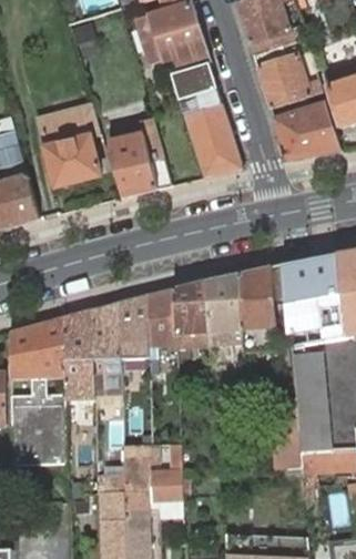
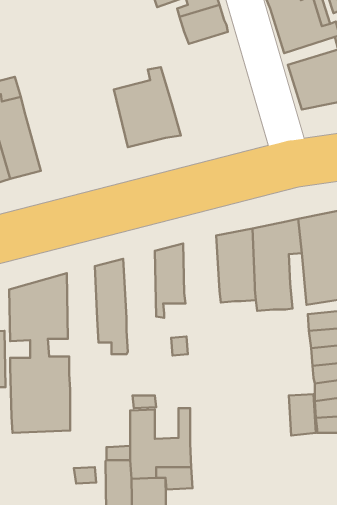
building: [184,103,243,177] -> none
building: [39,104,99,184] -> none
building: [174,280,210,344] -> none
building: [118,294,149,357] -> none
building: [64,308,94,425] -> none

